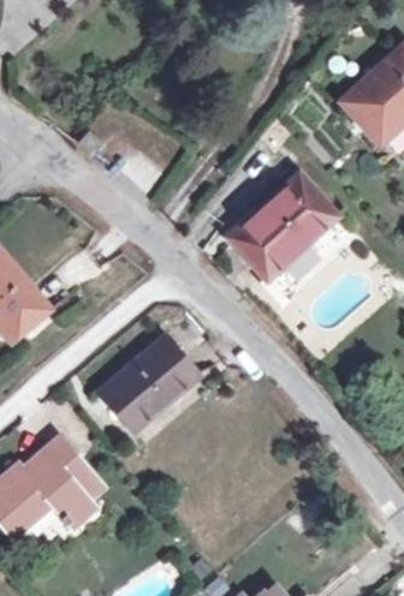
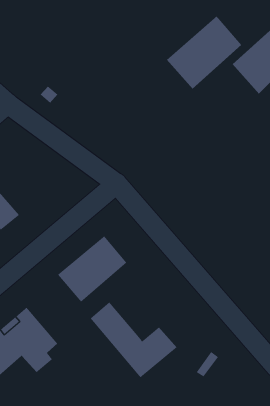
building: [230,175,334,278] -> [166,15,242,89]
building: none -> [90,302,177,378]

